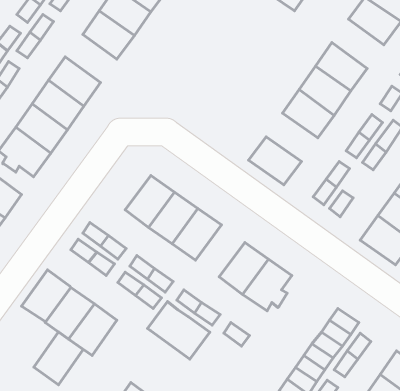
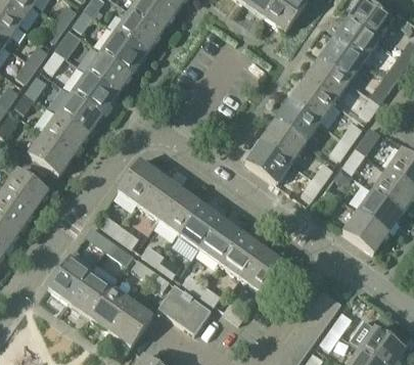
building: none -> [318,38,363,81]
building: none -> [86,51,131,93]
building: none -> [261,120,306,162]
building: none -> [118,158,160,203]
building: none -> [199,217,242,262]
building: [34,332,83,385] -> [109,300,152,346]

